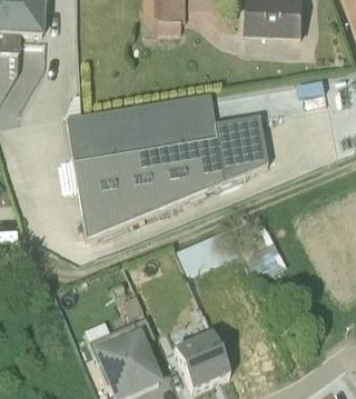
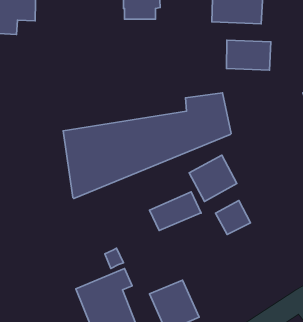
building: none -> [226,40,271,70]
building: [66,92,215,160] -> none
building: none -> [189,155,237,201]

